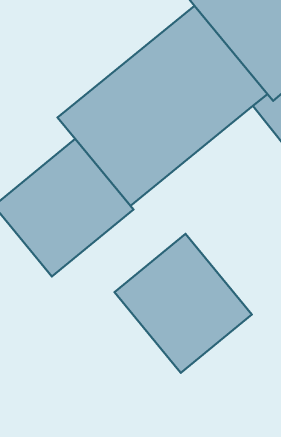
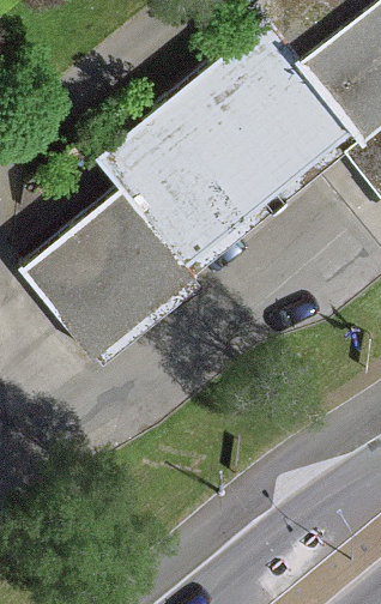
building: [115,234,252,373] -> none

